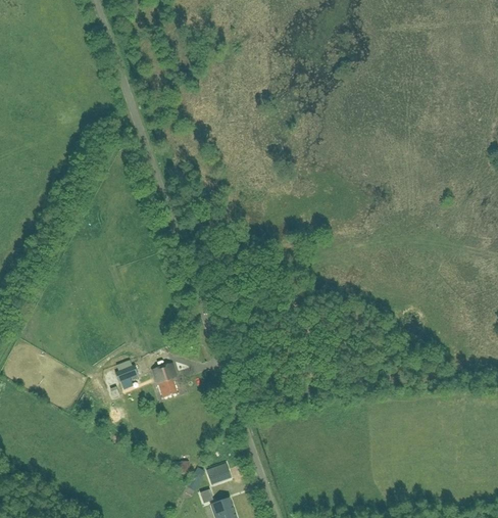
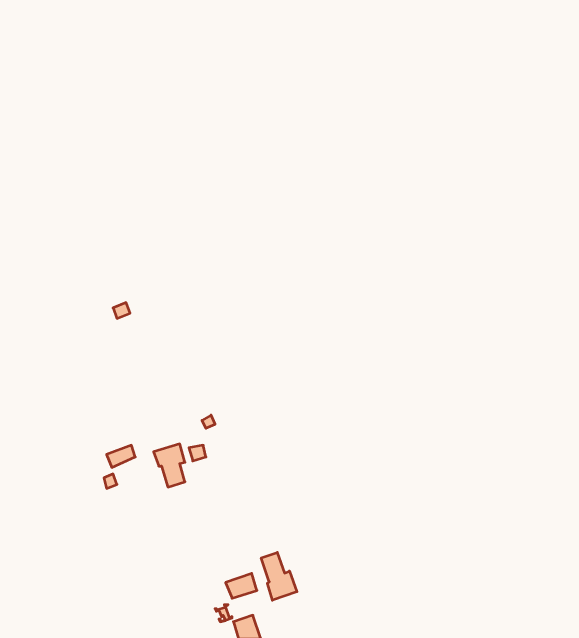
building: none -> [261,552,297,600]

